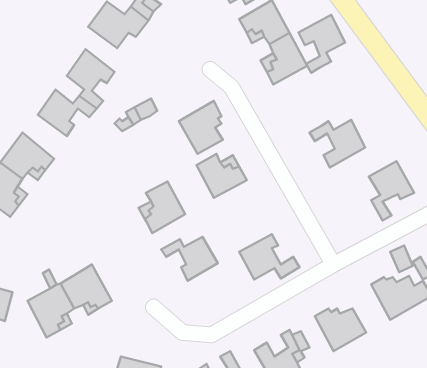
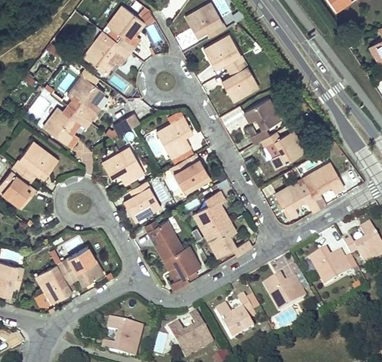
building: [299,15,345,73] -> [243,98,280,144]
building: none -> [102,146,145,183]
building: none -> [272,182,318,219]
building: none -> [192,189,230,235]
building: none -> [163,244,200,290]

